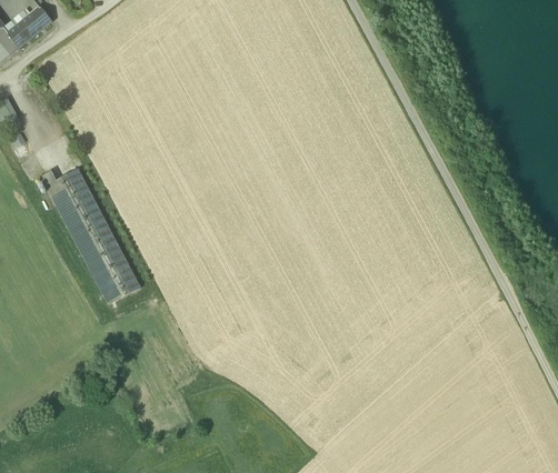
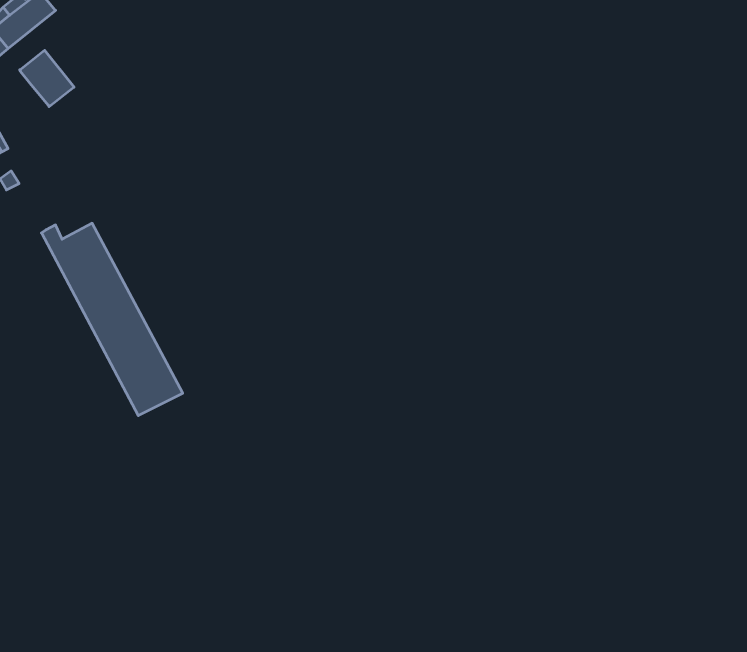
building: none -> [20,50,74,107]

